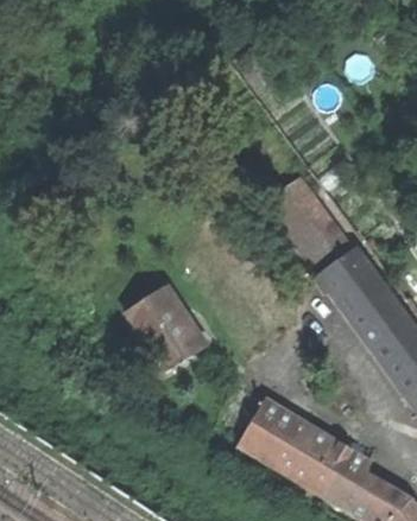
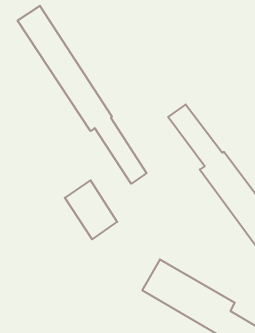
building: none -> [18,6,146,184]

